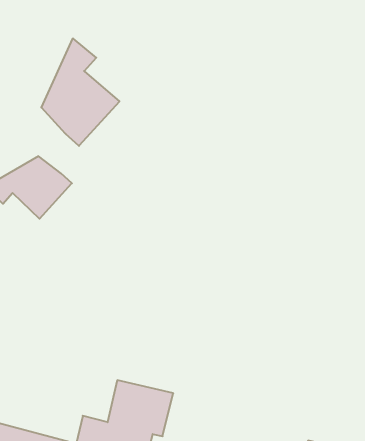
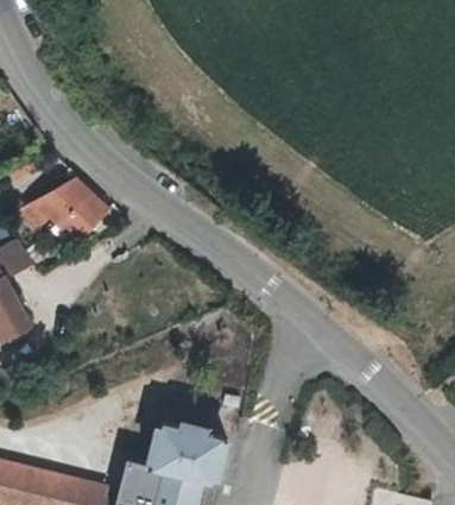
building: [41,38,119,146] -> none

